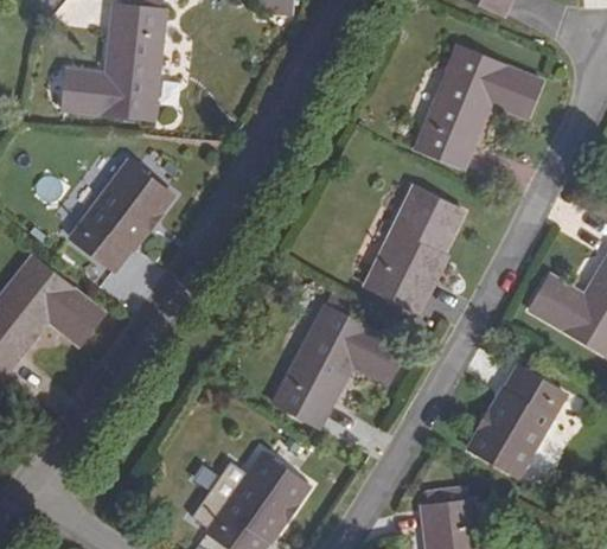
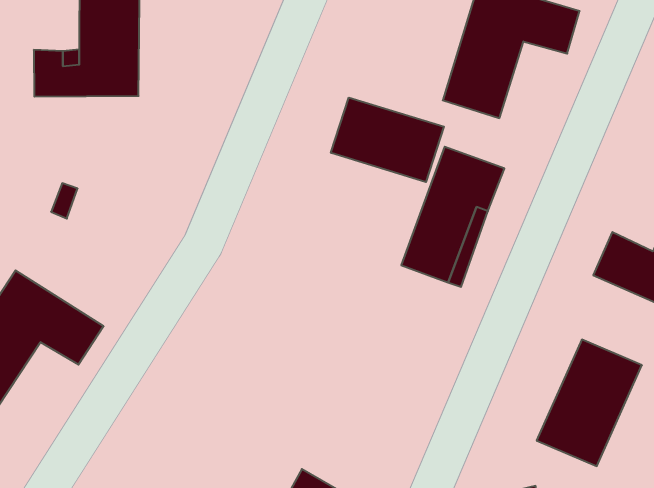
building: none -> [331,98,444,182]
building: [70,161,173,270] -> none
building: [273,305,404,426] -> none

